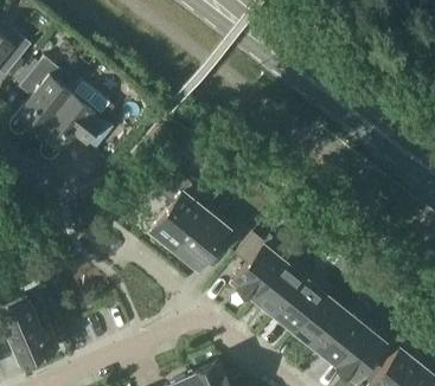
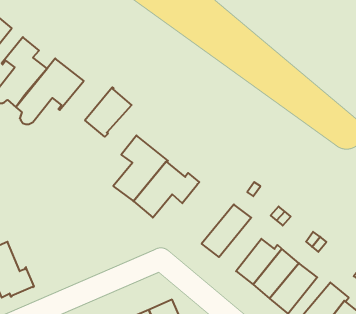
building: none -> [85,87,132,137]
building: [230,233,289,300] -> none
building: [271,269,325,332] -> none

